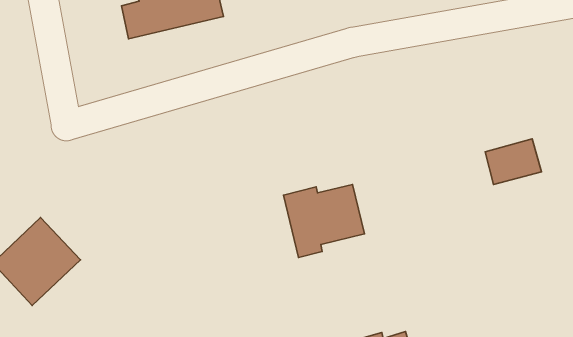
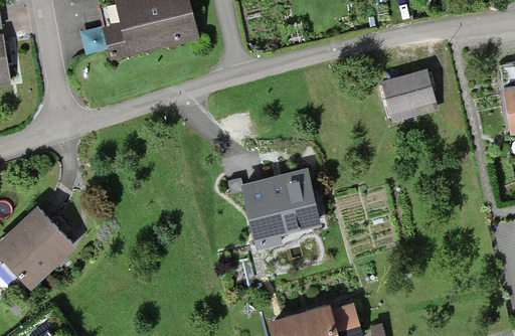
building: [485,139,542,185] -> [383,69,432,109]

